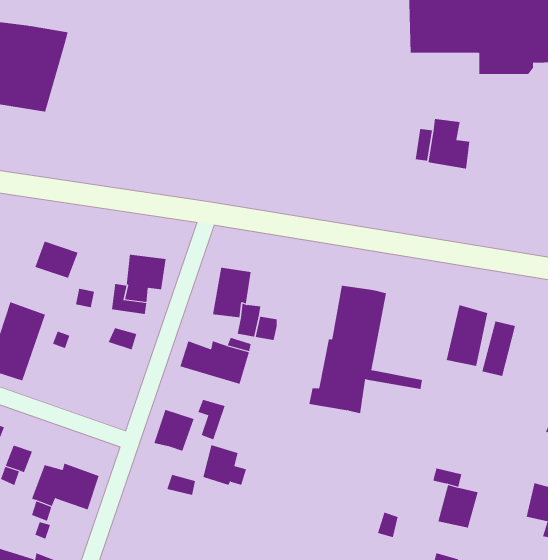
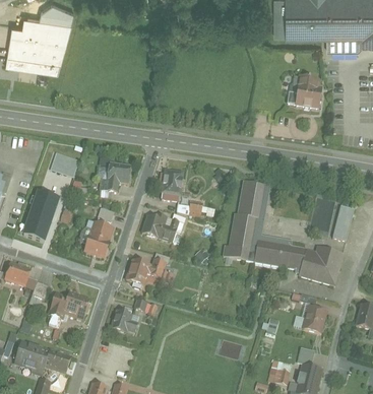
building: none -> [83,219,114,258]
building: none -> [253,240,345,286]
building: [203,445,247,485] -> [110,308,137,333]

